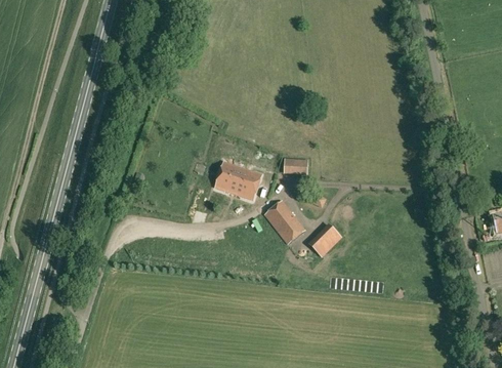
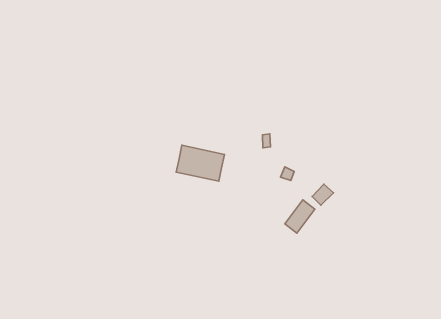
building: [264,200,305,243] -> none

